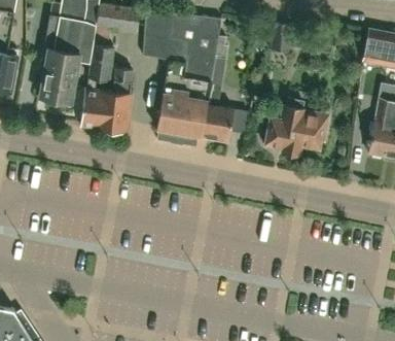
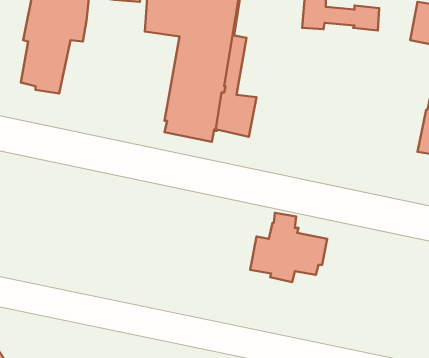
building: [82,46,135,133] -> none
building: [266,99,330,157] -> [250,213,327,282]

